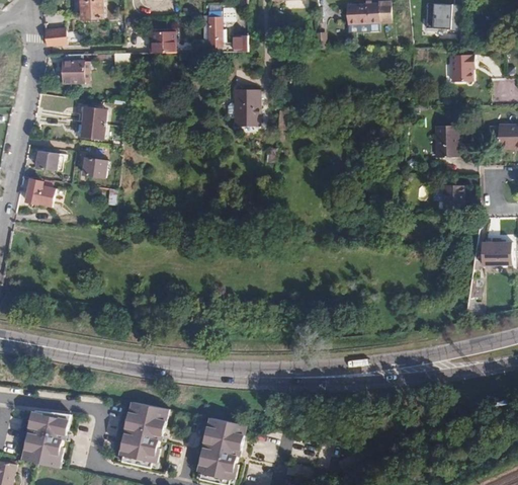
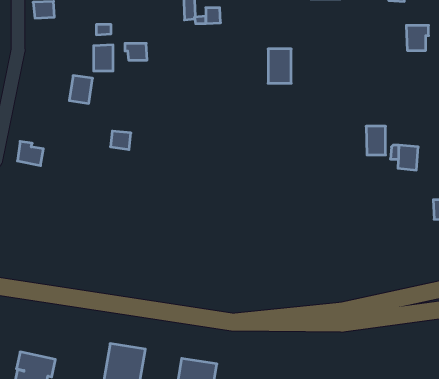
building: [149,33,173,52] -> [125,43,147,60]
building: [62,54,83,82] -> [94,45,113,71]
building: [234,88,259,126] -> [268,49,291,83]
building: [436,126,457,157] -> [366,126,386,155]
building: [36,150,60,171] -> none
building: [84,157,106,177] -> [110,131,131,150]

